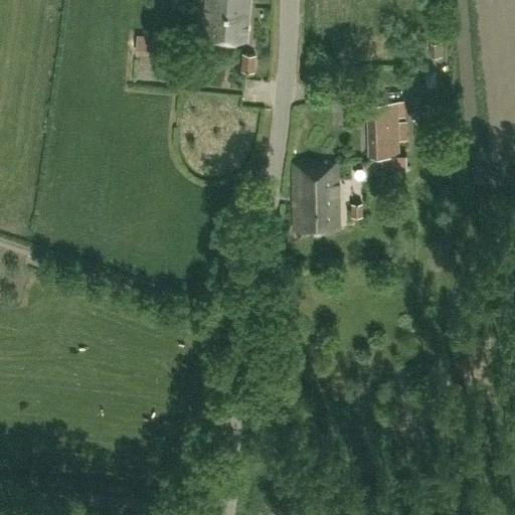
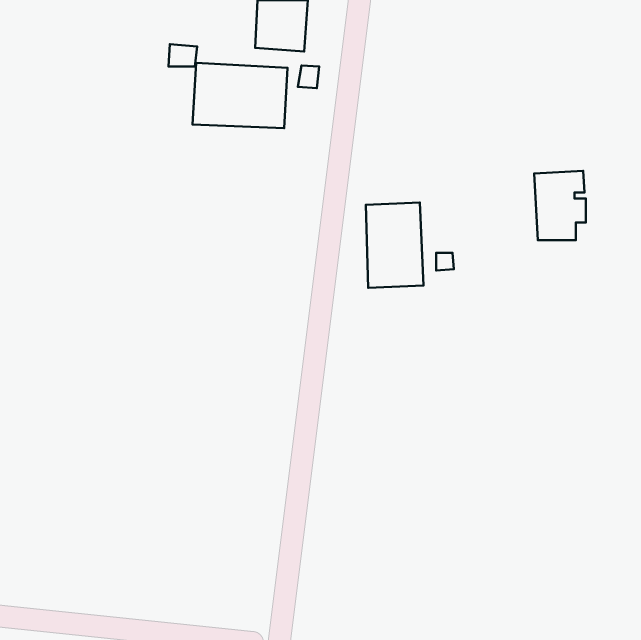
building: none -> [193,63,288,128]
building: [366,102,407,157] -> [534,171,586,240]

